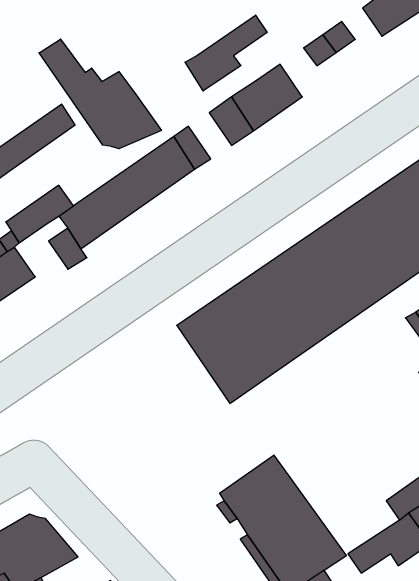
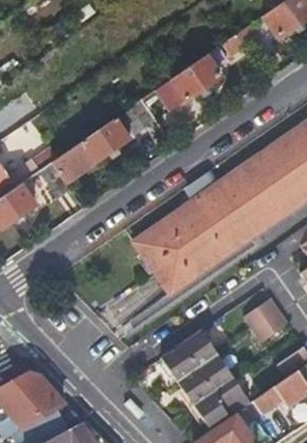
building: [185,15,267,91] -> none
building: [39,39,161,149] -> none
building: none -> [246,299,288,341]

